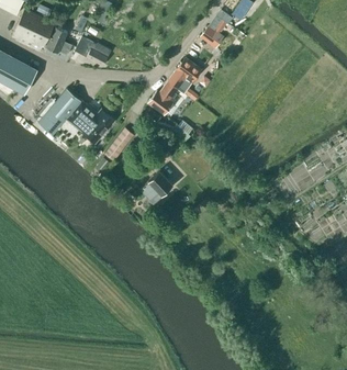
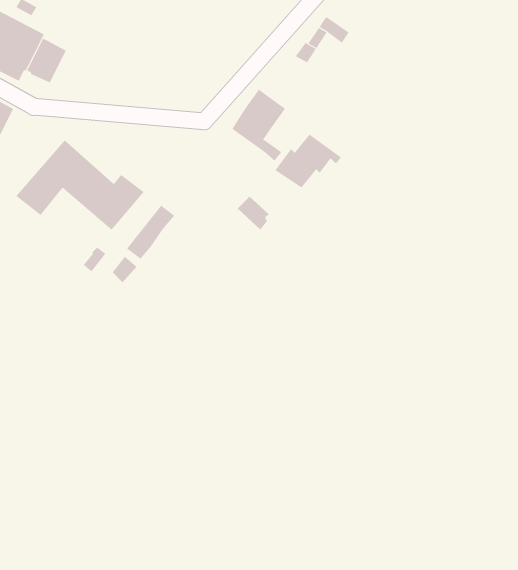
building: [74,37,111,67] -> none
building: [147,82,188,115] -> [275,134,342,188]
building: [139,170,172,203] -> none

